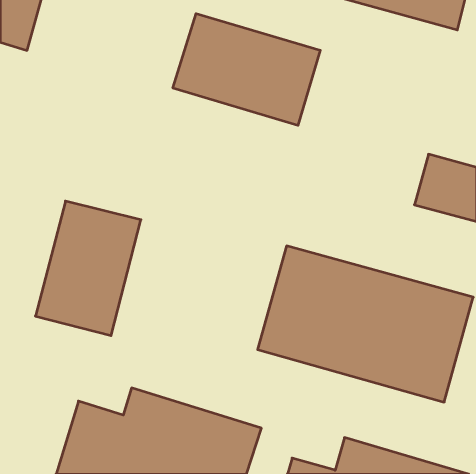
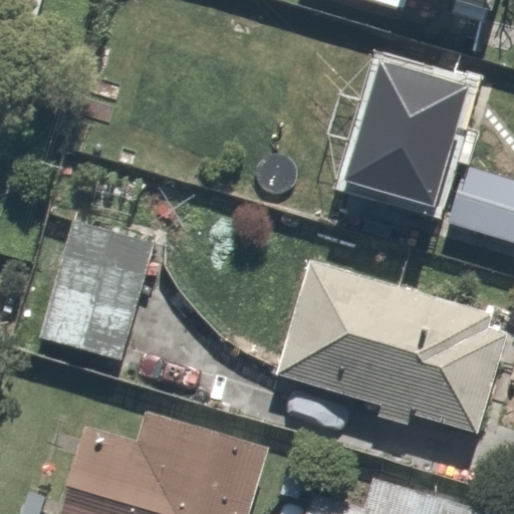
building: [173,14,320,125] -> none
building: none -> [346,60,471,208]

